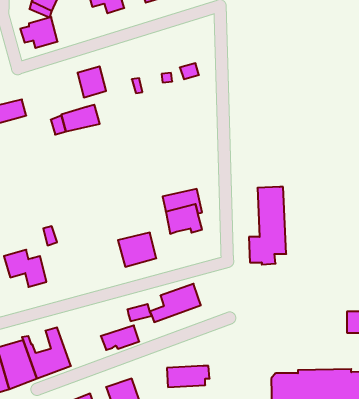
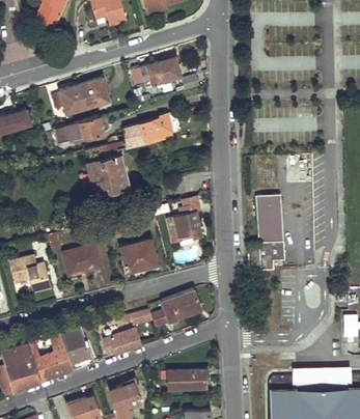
building: [20,17,58,48] -> [51,84,87,114]
building: none -> [131,59,181,87]
building: none -> [86,113,172,196]
building: none -> [63,244,103,273]
building: none -> [61,328,94,369]

